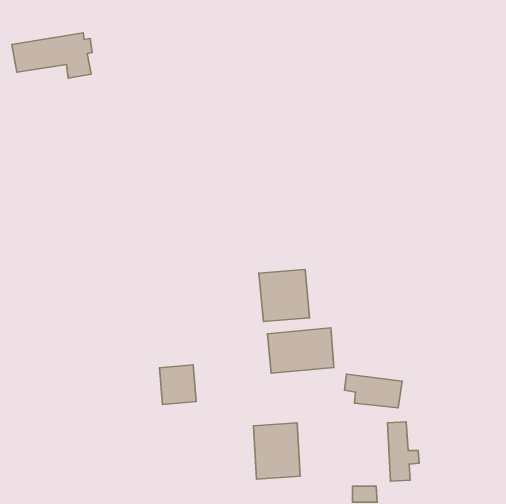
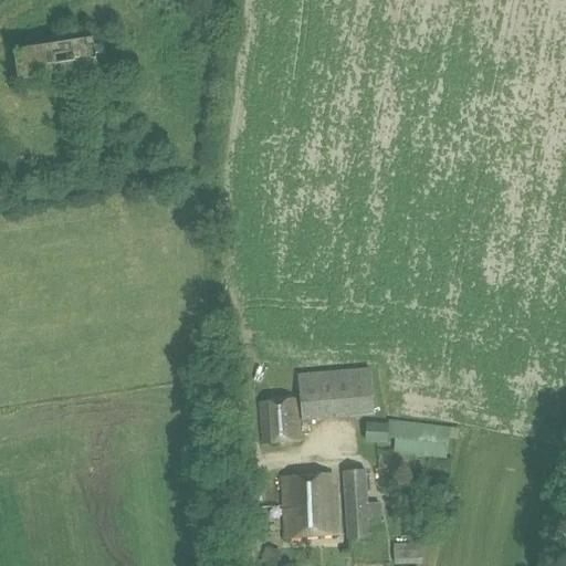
building: [259,269,310,322] -> none
building: [159,365,196,404] -> [259,397,300,441]
building: [387,422,419,481] -> [344,470,379,536]

